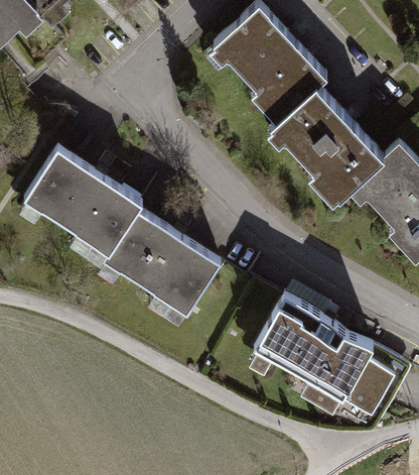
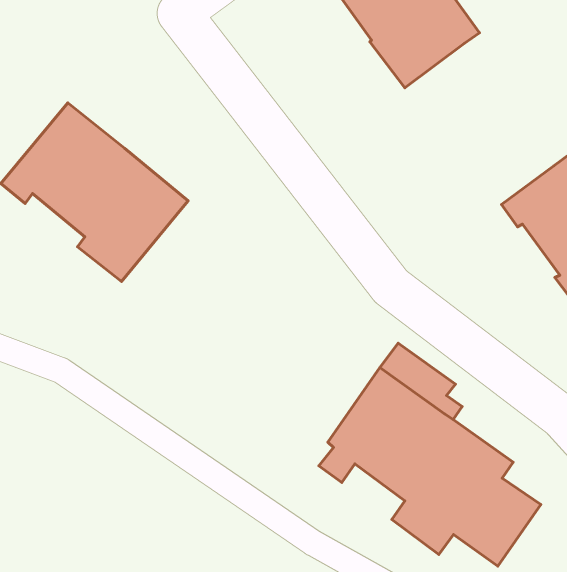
building: [267,82,379,196] -> none
building: [103,211,225,324] -> none

